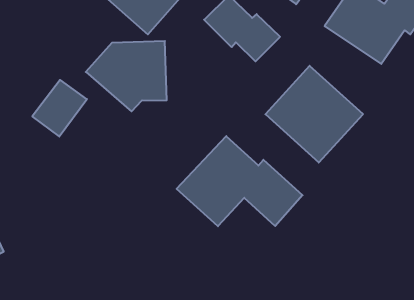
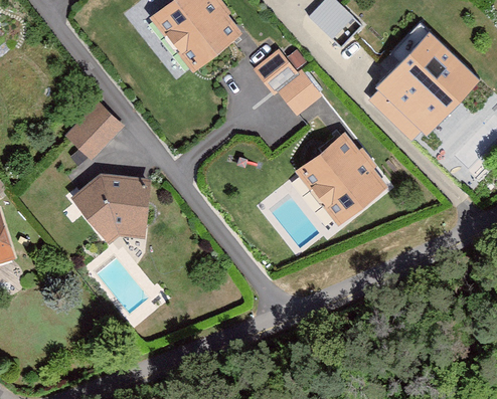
building: [86,41,167,111] -> [70,173,153,243]
building: [177,136,303,226] -> none

